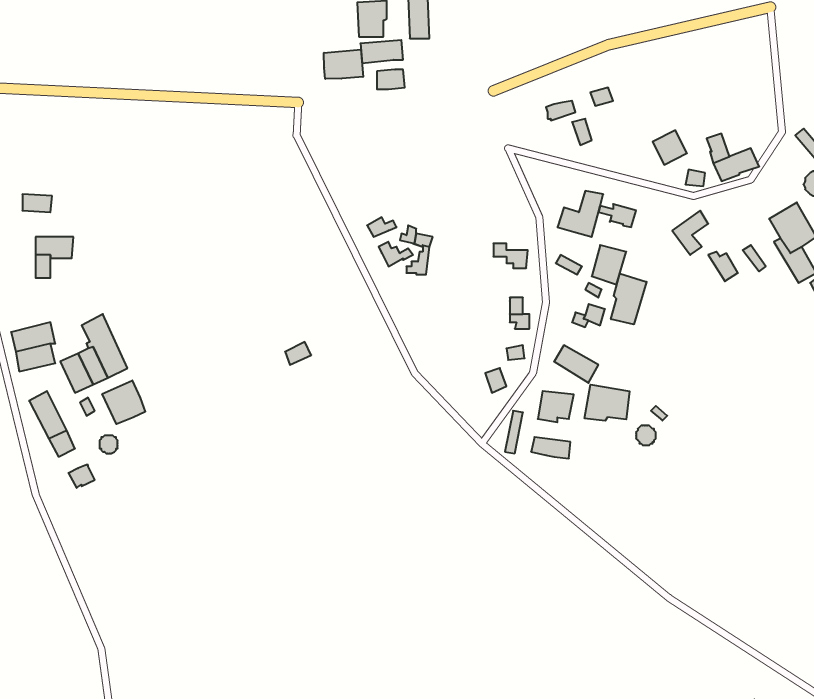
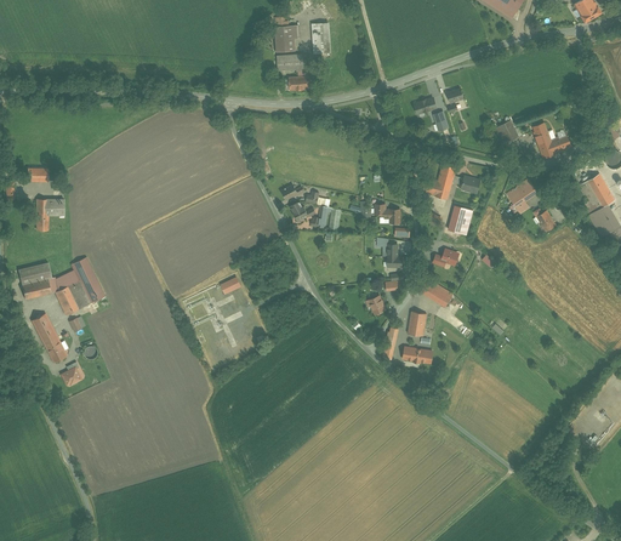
building: [324,50,363,79] -> none
building: [611,273,647,324] -> none
building: [102,380,145,424] -> none
building: [585,385,630,421] -> none

